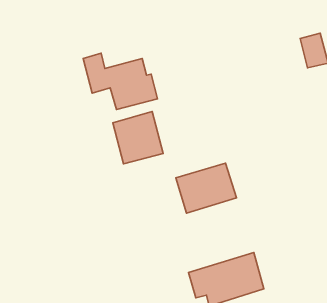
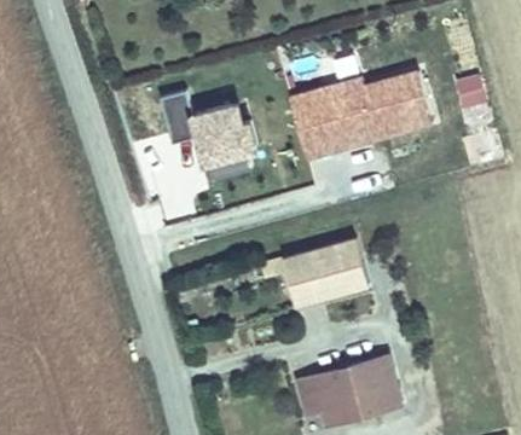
building: none -> [293,71,430,161]
building: [113,111,163,164] -> none

